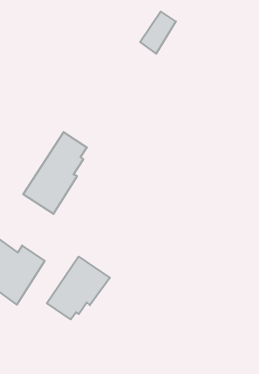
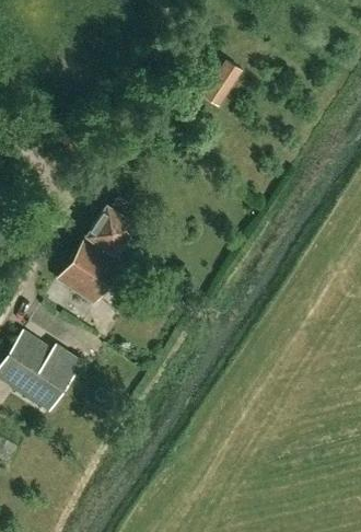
building: [47,257,110,319] -> none

